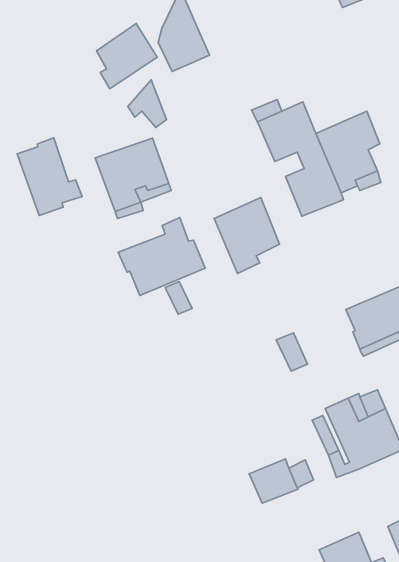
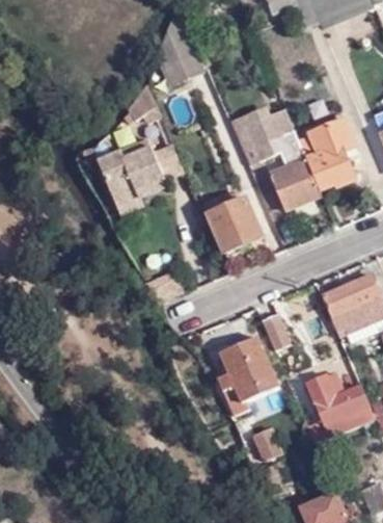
building: [96,24,157,89] -> none
building: [17,138,82,216] -> none
building: [118,217,205,296] -> none
building: none -> [218,336,279,404]

